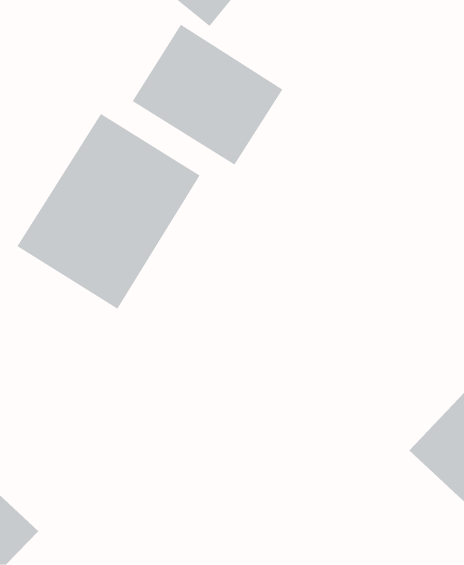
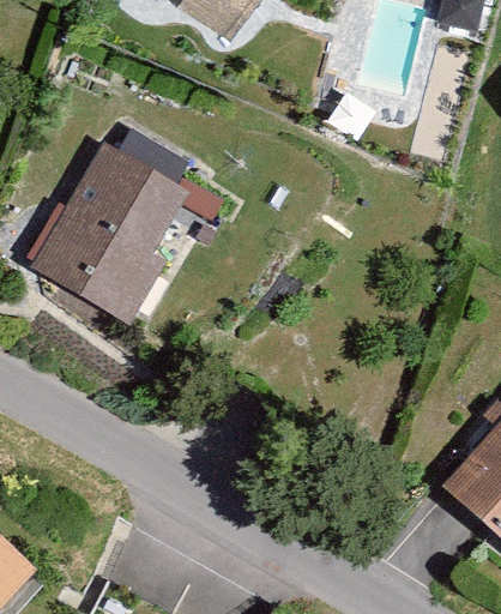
building: [132,24,283,166] -> none

